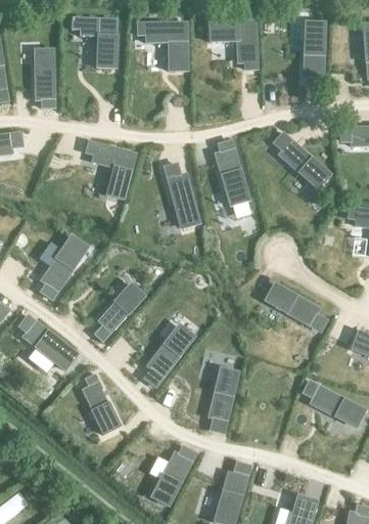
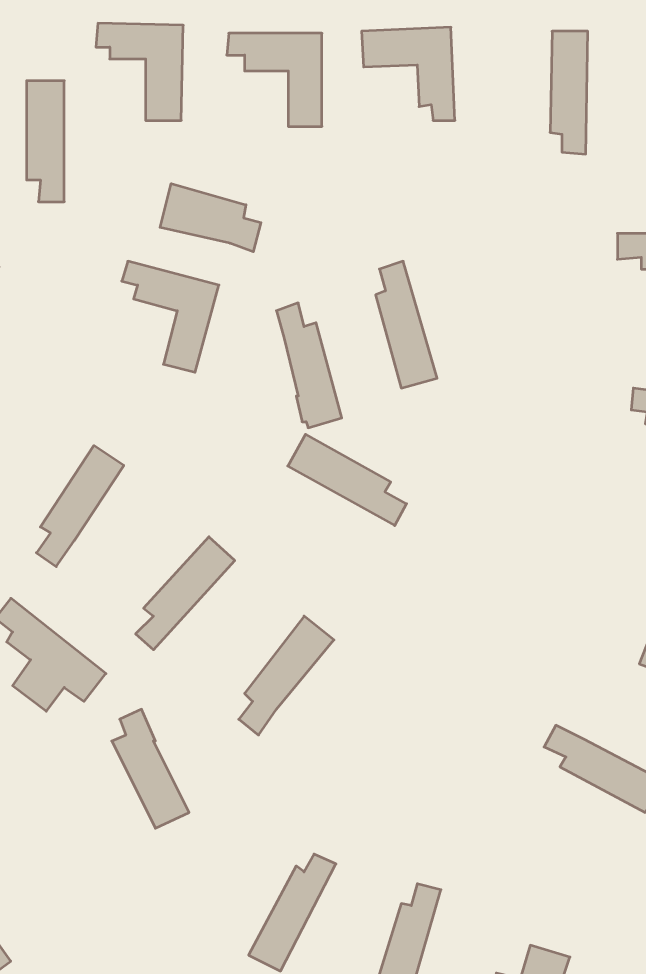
building: none -> [160,184,261,252]
building: [274,132,329,187] -> none
building: [265,283,326,331] -> [288,434,407,526]
building: [207,367,237,433] -> none

